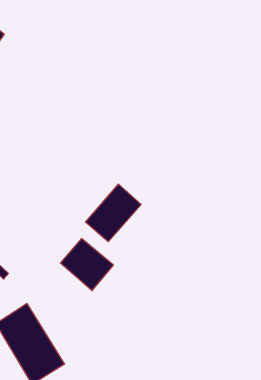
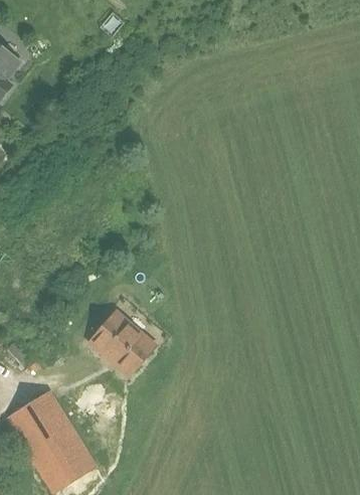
building: [86,184,141,242] -> none

